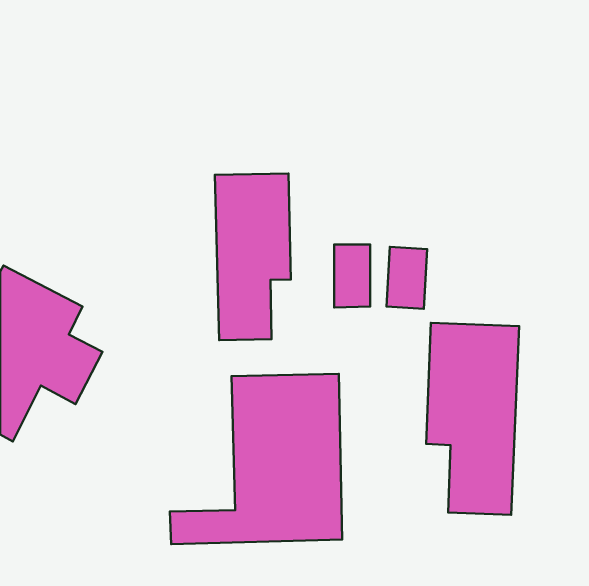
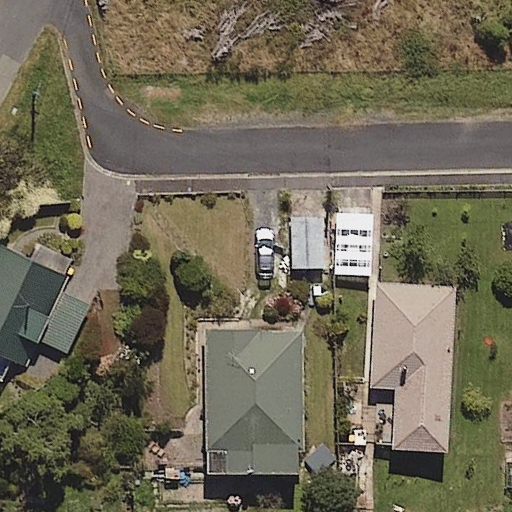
building: [215,173,291,340] -> none

